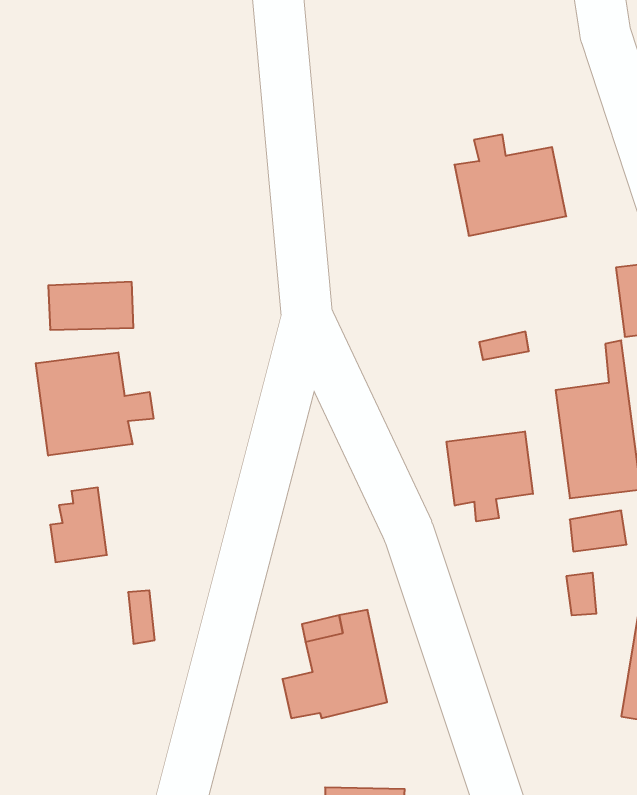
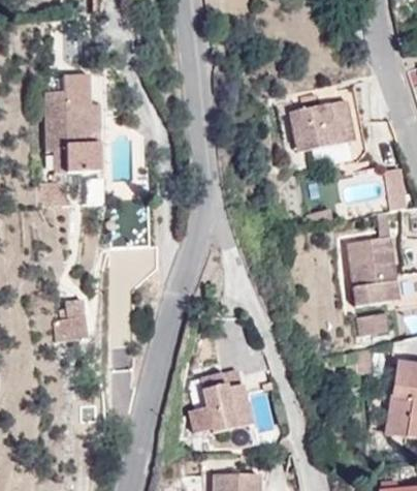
building: none -> [47,74,106,173]
building: [36,352,153,456] -> none
building: [447,431,533,521] -> none

